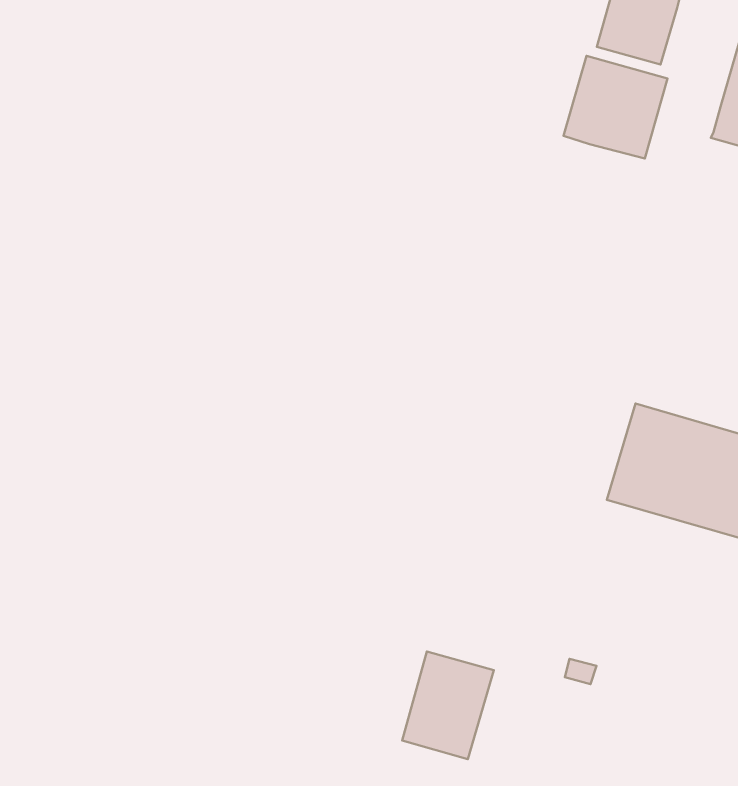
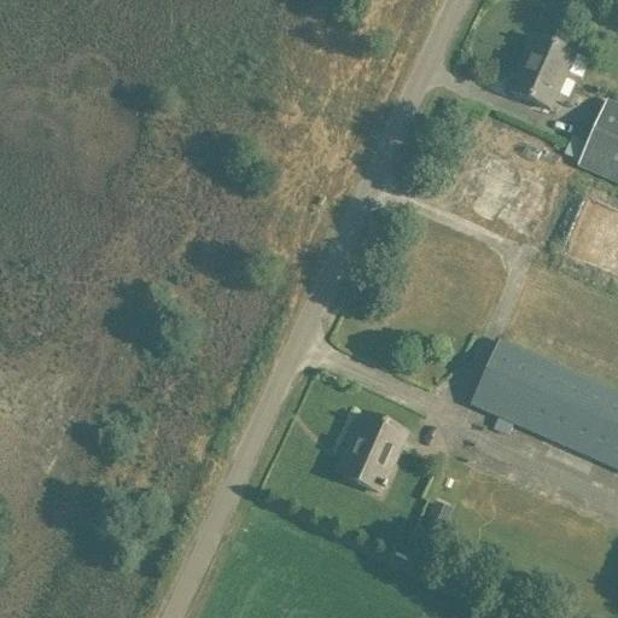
building: [564,56,667,158] -> none
building: [402,651,494,759] -> [337,413,407,491]

